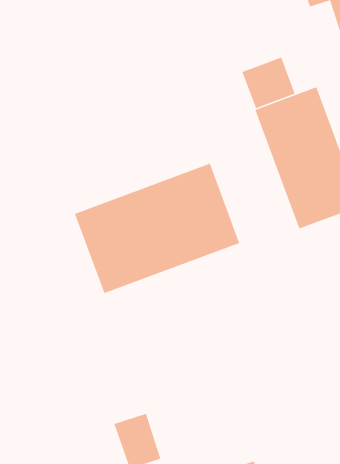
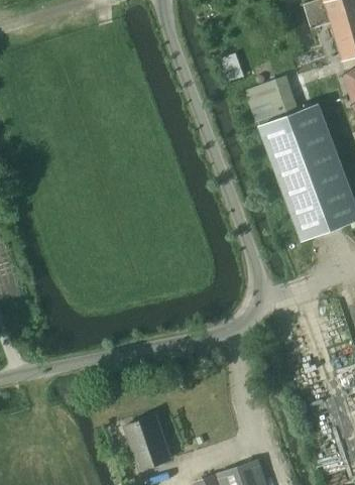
building: [74,163,240,294] -> none

